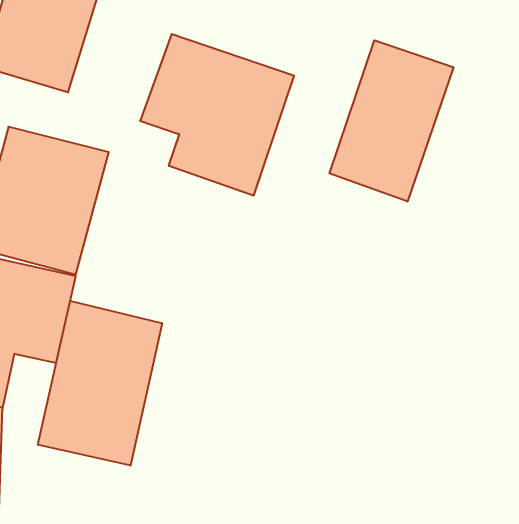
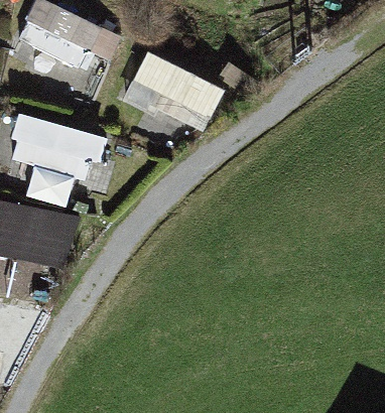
building: [329,40,453,202] -> none
building: [38,301,162,466] -> none

